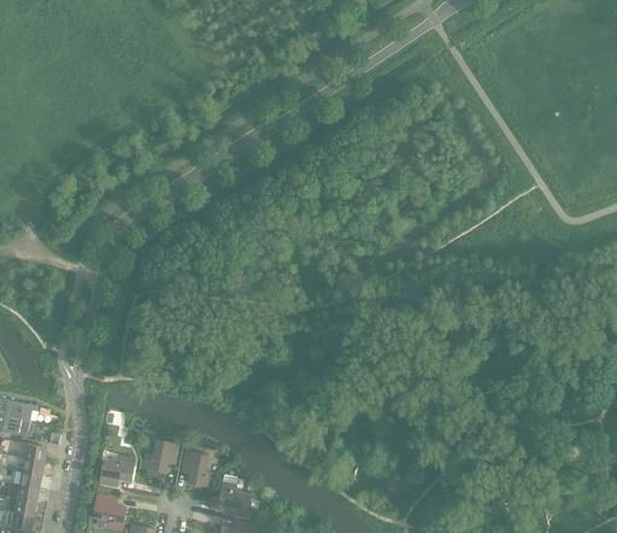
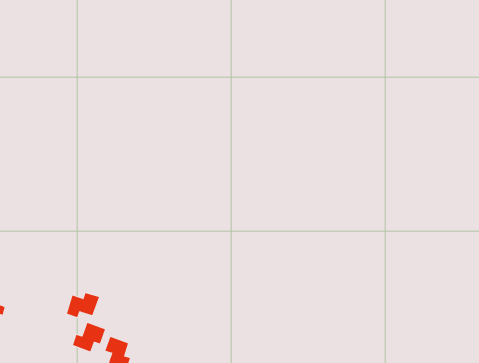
building: [98,456,134,486] -> [66,293,100,318]

